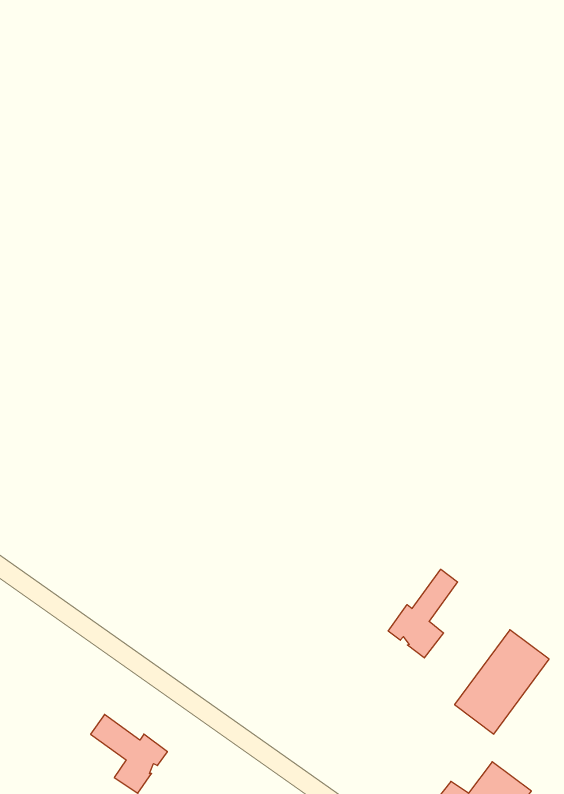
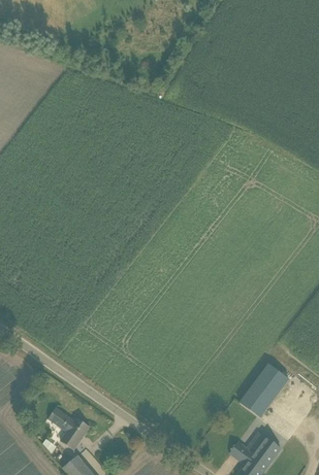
building: [388,569,458,658] -> none

